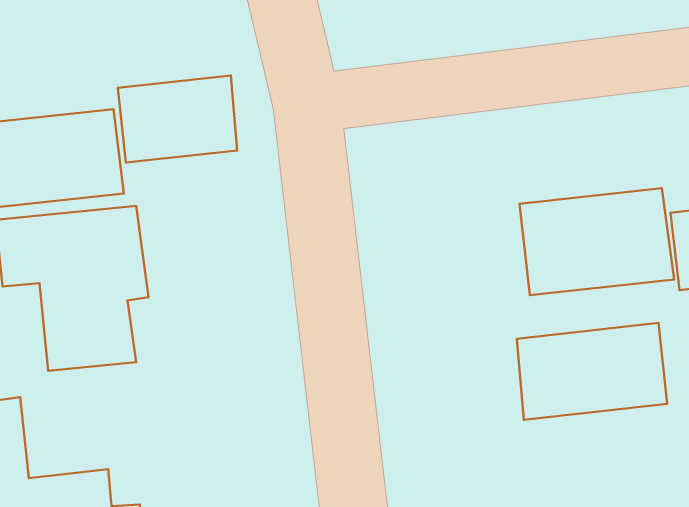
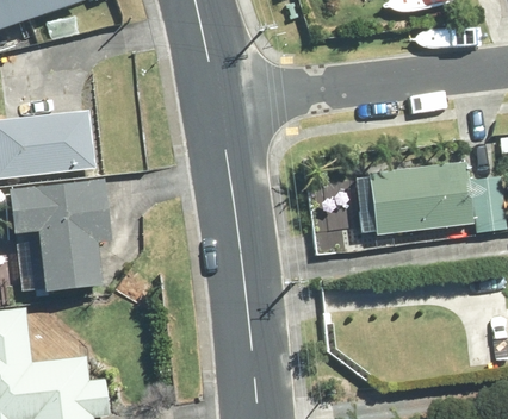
building: [118,75,237,162] -> none
building: [517,323,667,420] -> none

